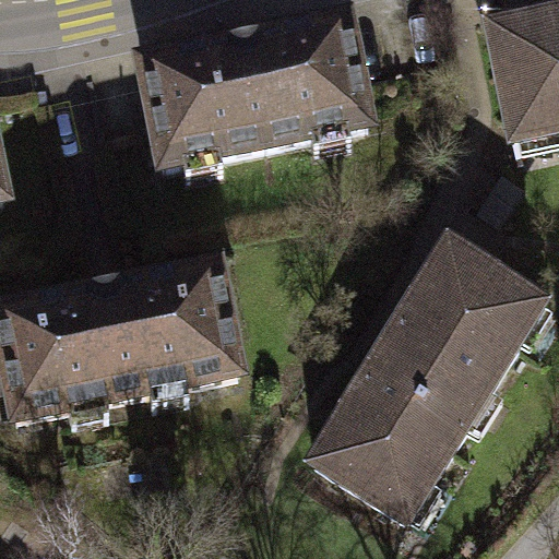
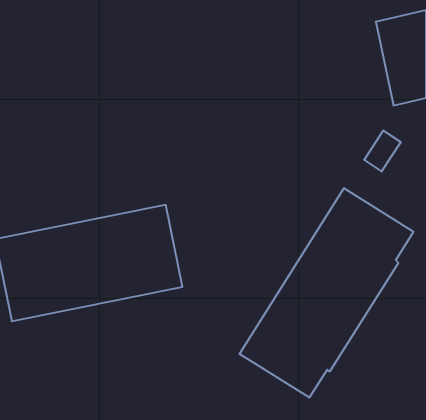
building: [142,23,368,167] -> none

